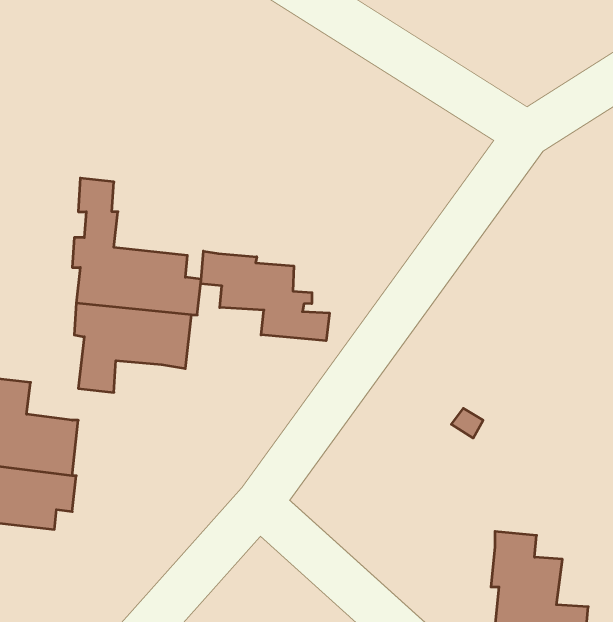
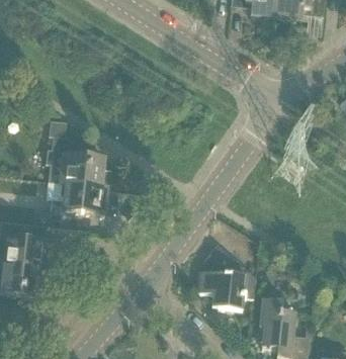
building: [201,251,329,341] -> none
building: none -> [199,242,255,308]

